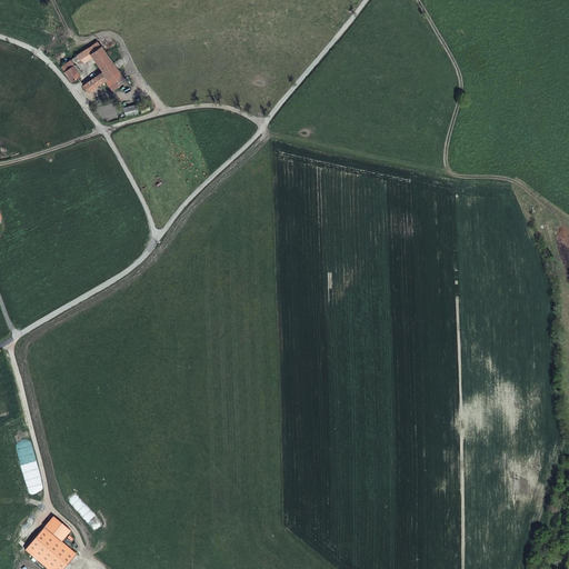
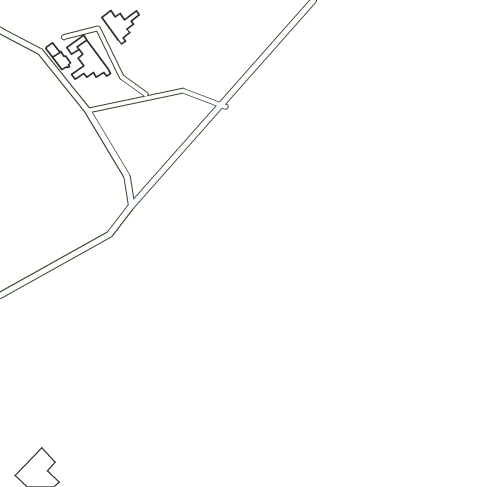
building: none -> [102,11,139,44]

